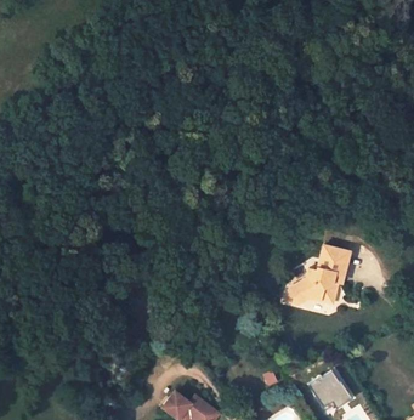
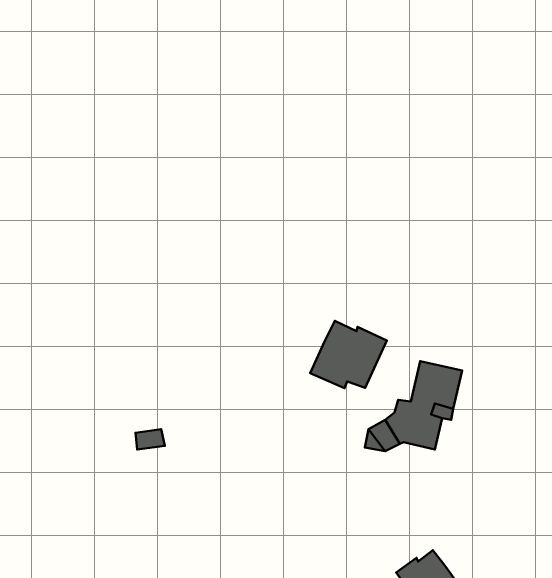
building: none -> [310,321,387,388]

